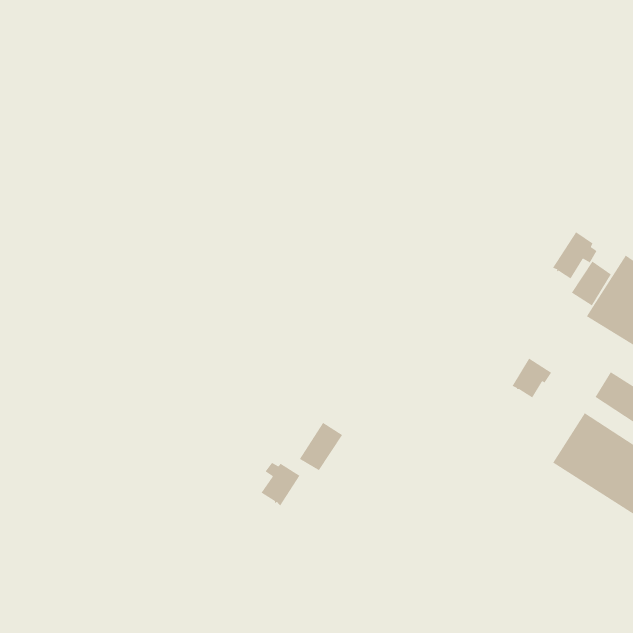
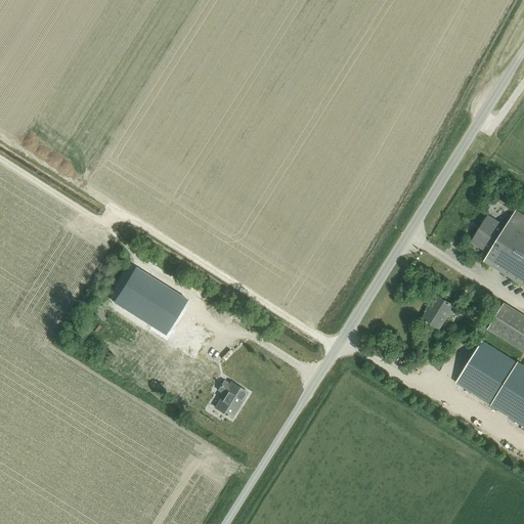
building: [552,231,597,279] -> none
building: none -> [115,267,188,335]
building: [299,422,343,471] -> none

